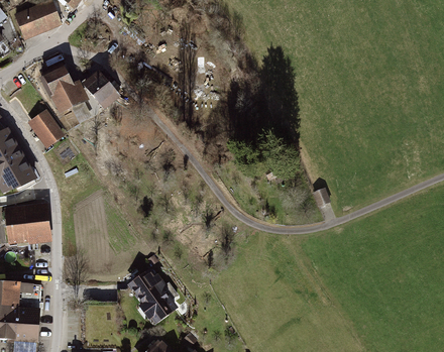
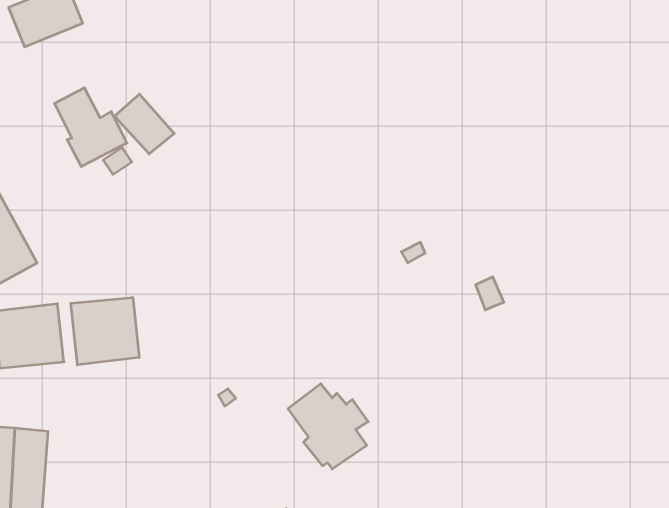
building: [28,108,62,143] -> none
building: none -> [71,297,139,365]
building: [128,270,180,325] -> [288,384,368,469]

